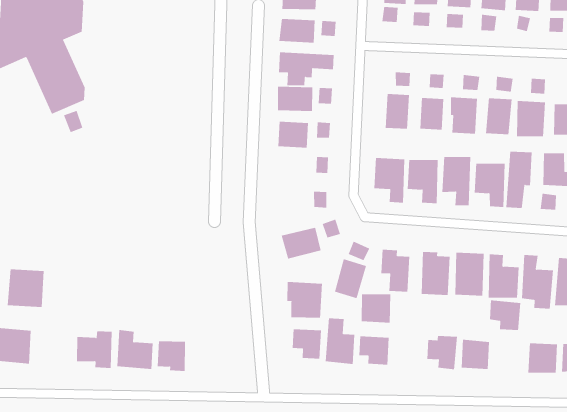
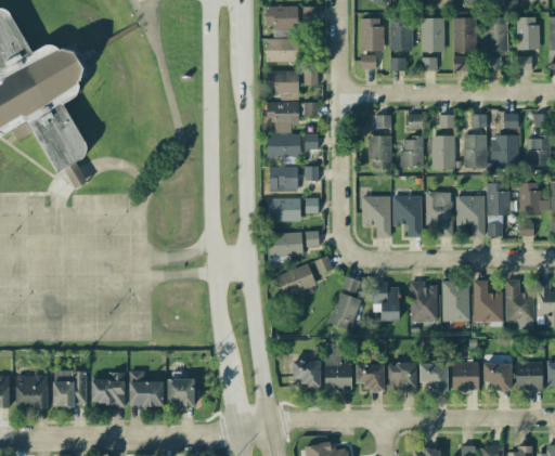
building: none -> [268,198,300,220]
building: none -> [268,233,302,257]
building: [7,269,44,308] -> [52,370,86,405]
building: [287,281,323,318] -> none
building: [361,294,391,323] -> [387,363,416,390]
building: [489,300,521,330] -> [482,363,512,390]

